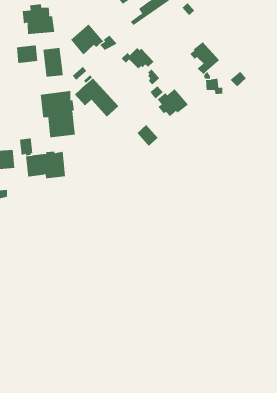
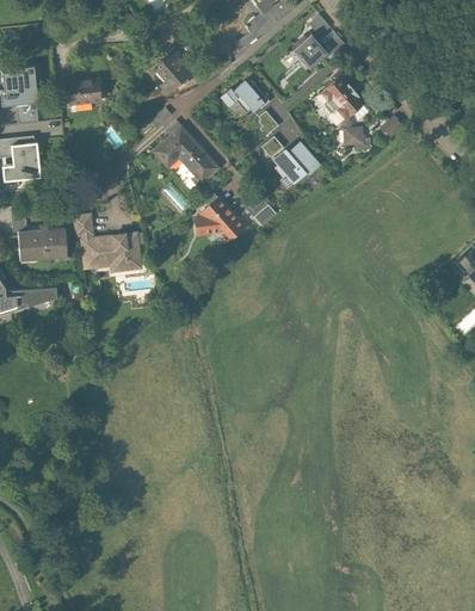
building: [22,3,55,35] -> none
building: none -> [294,31,327,64]
building: [43,47,63,78] -> none
building: [40,90,75,138] -> none
building: none -> [195,197,245,241]

